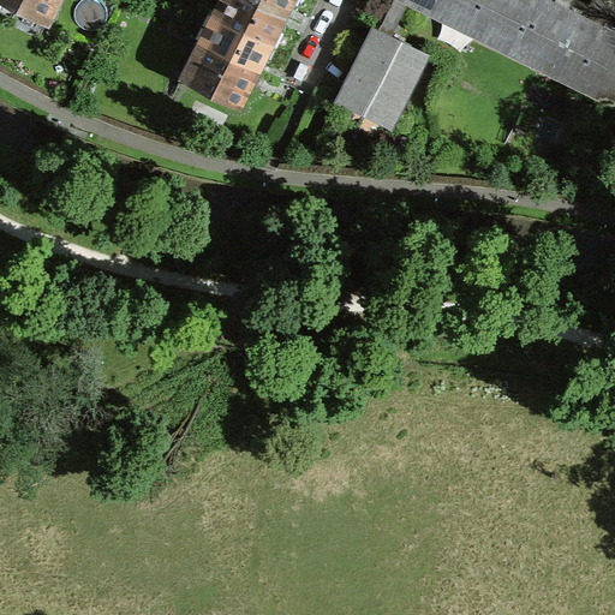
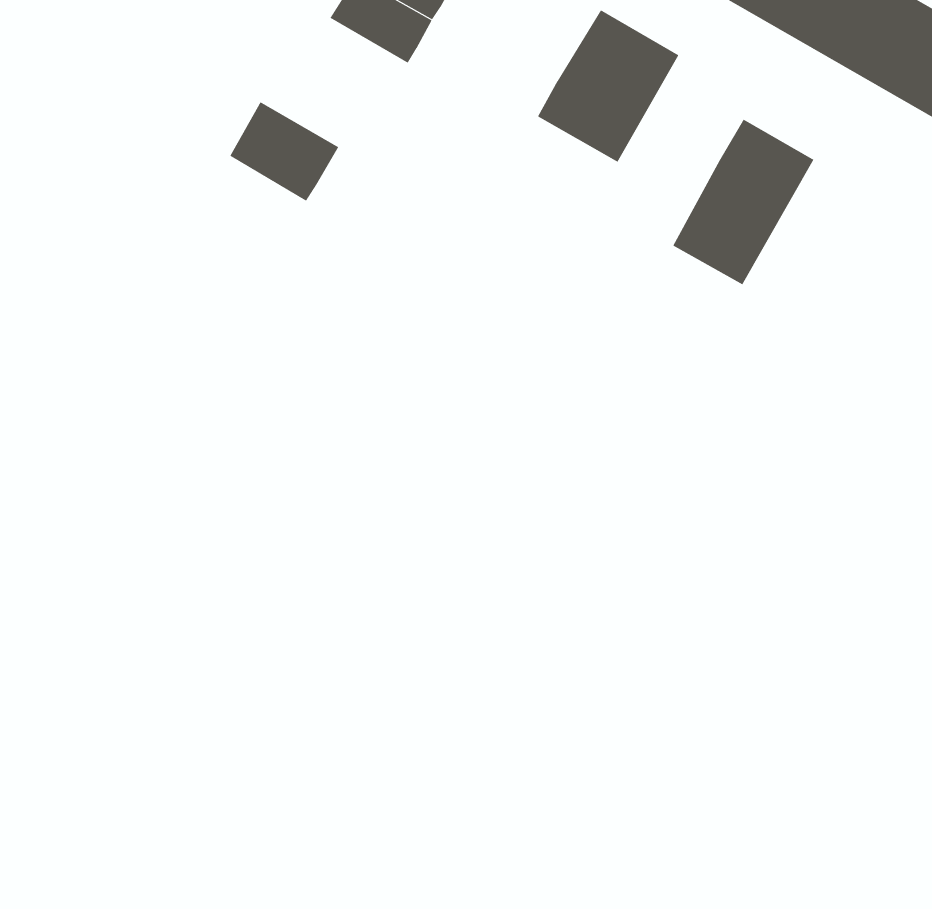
building: [187,47,255,107] -> [230,101,339,202]
building: none -> [672,119,814,285]

